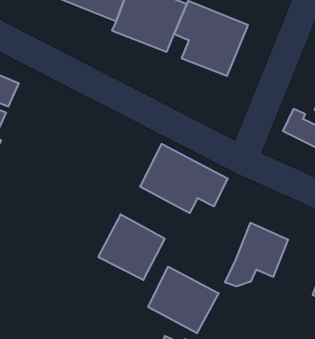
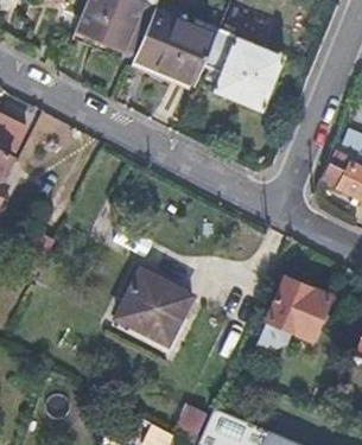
building: [140,144,228,213] -> none
building: [148,267,219,333] -> none

